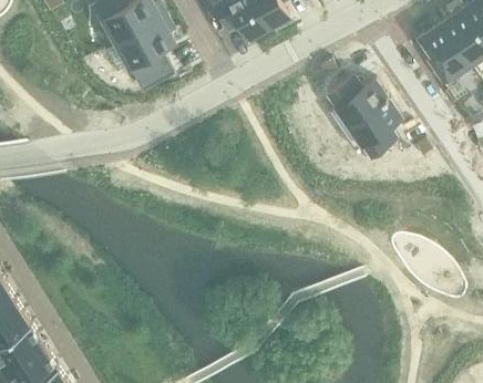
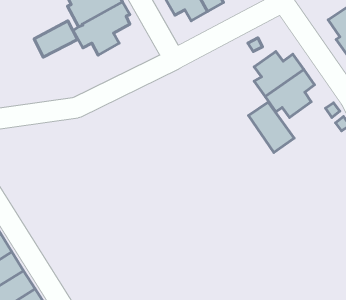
building: none -> [34,21,78,57]
building: none -> [248,102,294,152]

